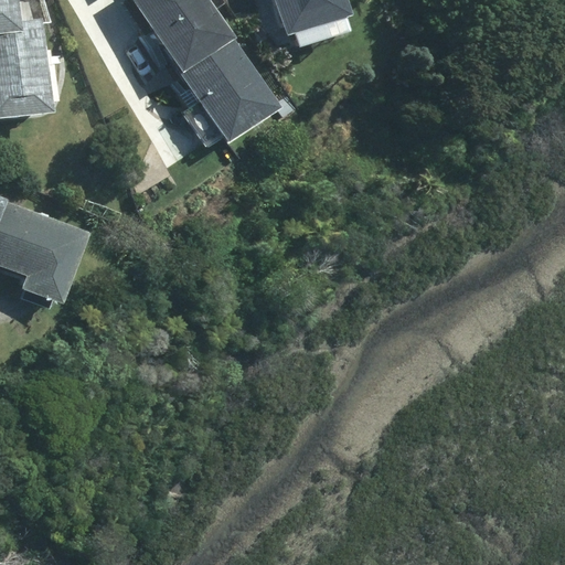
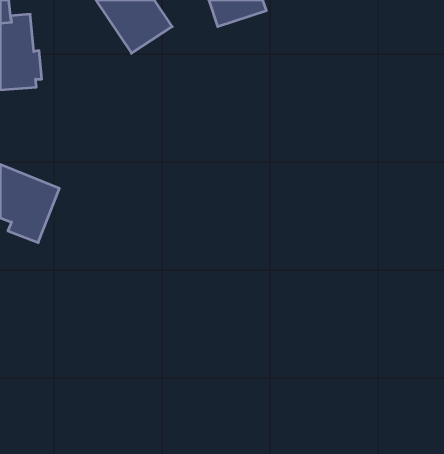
building: [175,33,275,140] -> none

